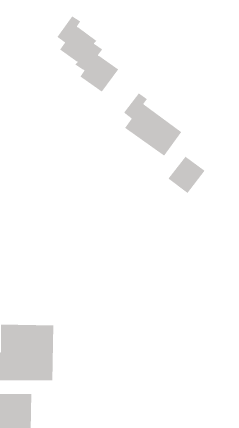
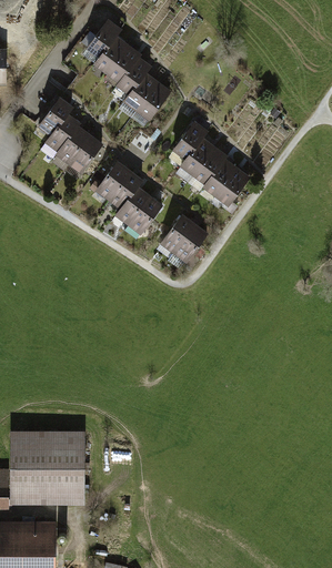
building: none -> [38,101,104,179]
building: none -> [97,161,161,234]
building: [167,156,205,194] -> [160,212,210,262]

